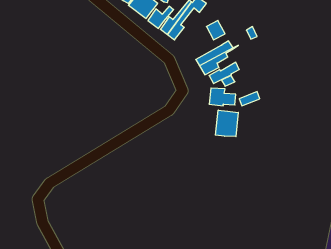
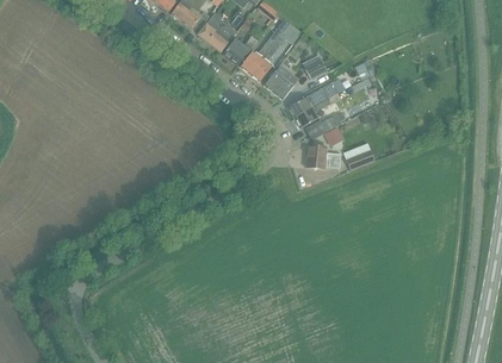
building: none -> [264,63,298,99]
building: [215,110,238,137] -> none

